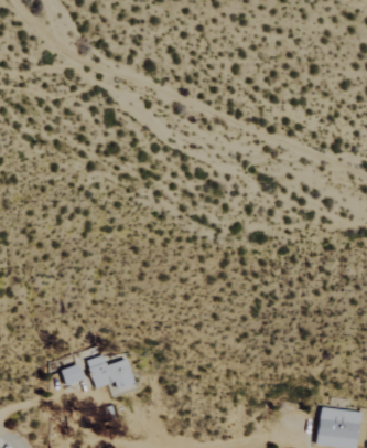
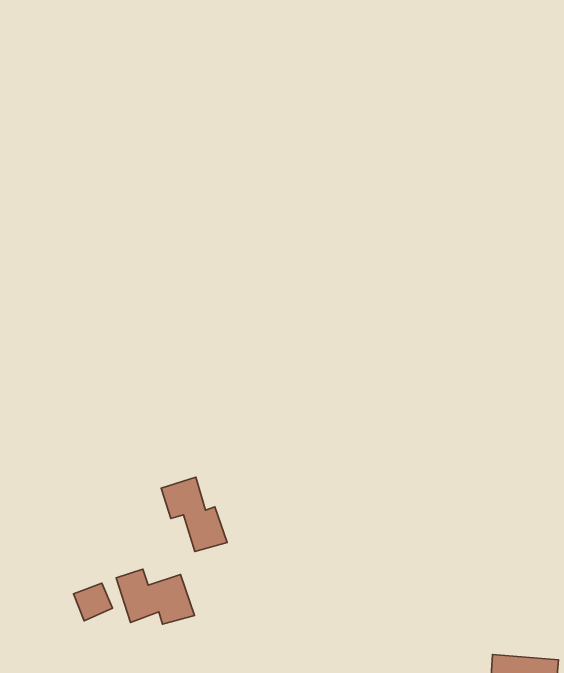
building: none -> [161,477,227,552]

